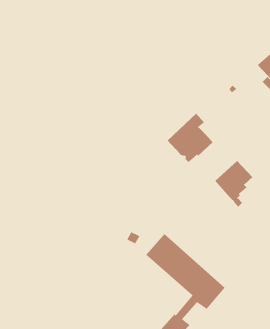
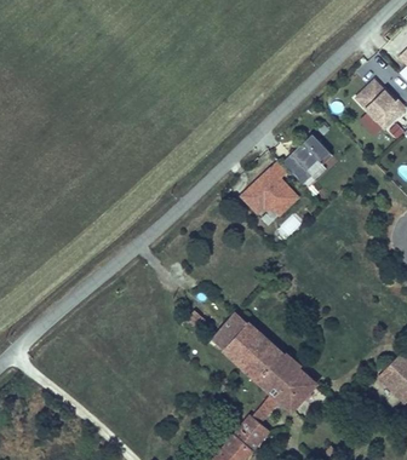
building: [214,160,253,207] -> [283,133,333,194]

